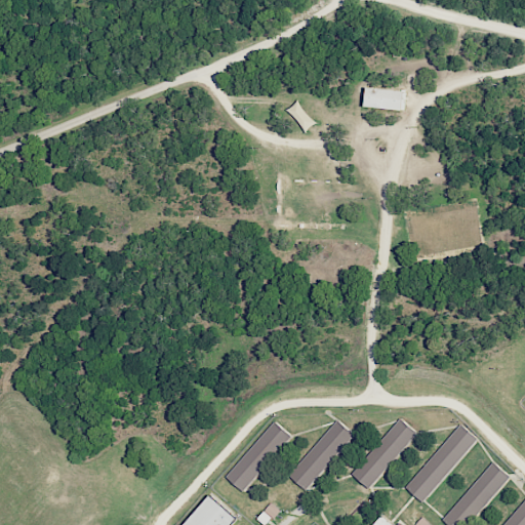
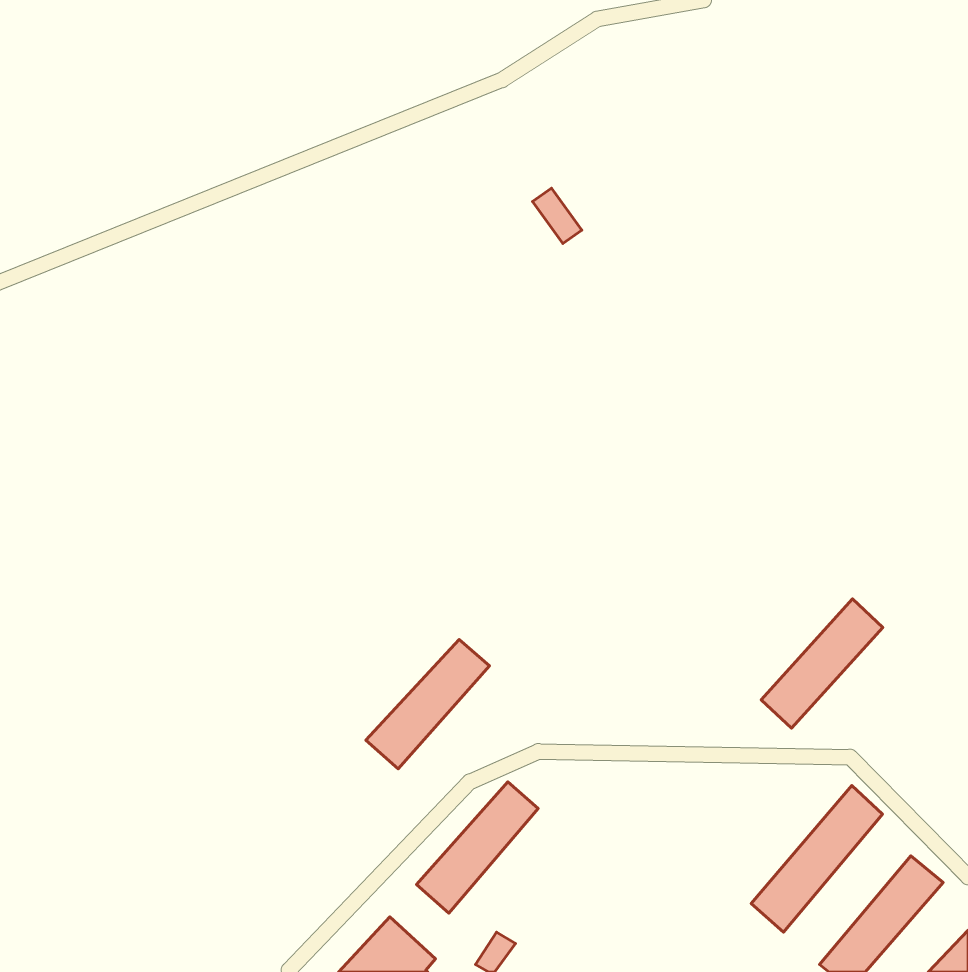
building: [364,87,404,111] -> none
building: [351,418,416,488] -> [761,599,883,728]
building: [287,420,354,490] -> [366,639,489,769]

